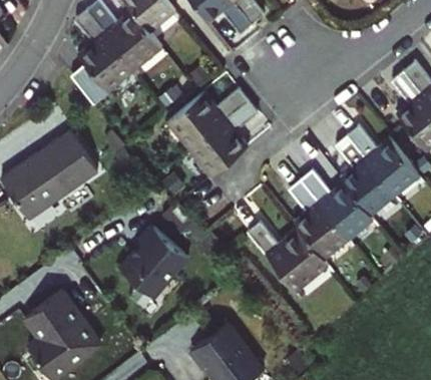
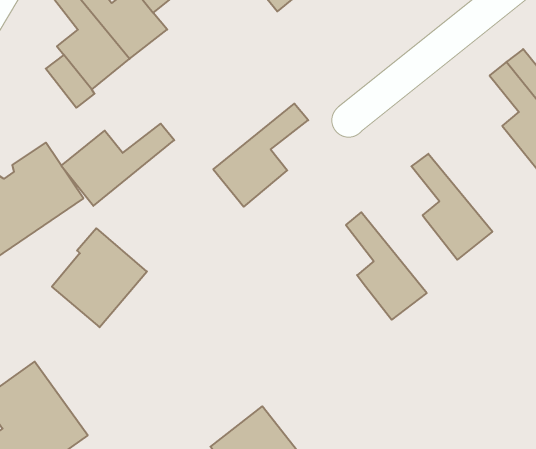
building: [168,90,250,149] -> [61,124,174,206]
building: [346,128,417,195] -> none
building: [298,170,370,239] -> none
building: [120,224,188,295] -> [52,228,147,327]
building: [248,225,326,291] -> none

